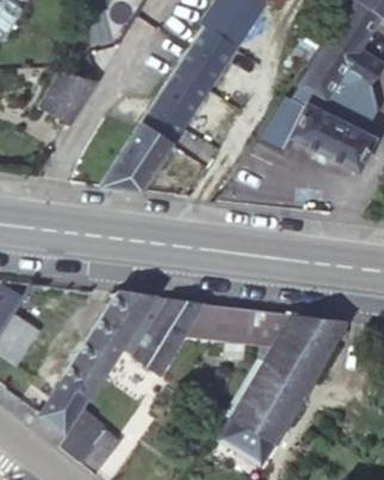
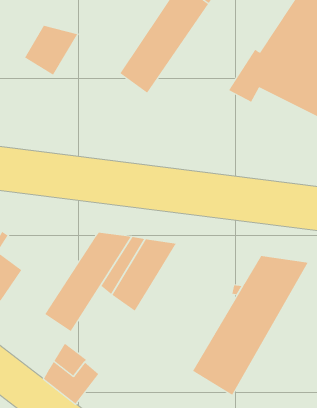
building: [99,121,172,191] -> none
building: [184,305,292,345] -> none
building: [41,379,91,436] -> none

